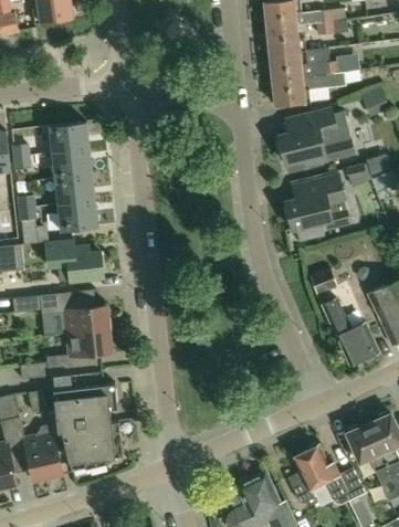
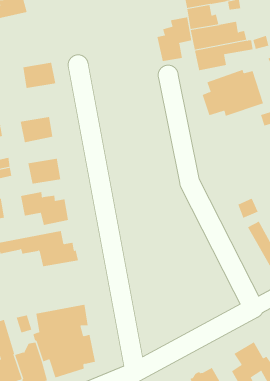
building: none -> [157,17,192,62]
building: [49,122,88,151] -> [22,62,56,89]
building: [54,173,94,203] -> none
building: [285,175,349,229] -> none
building: [19,328,112,379] -> none

